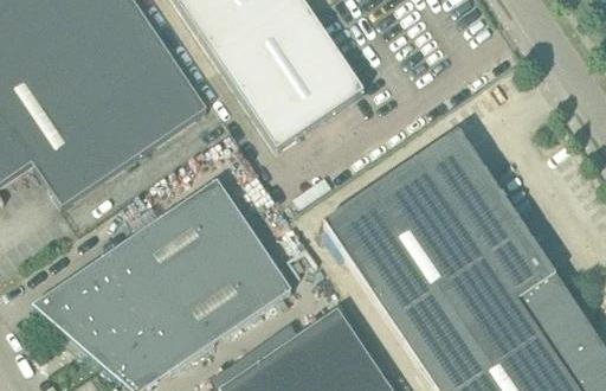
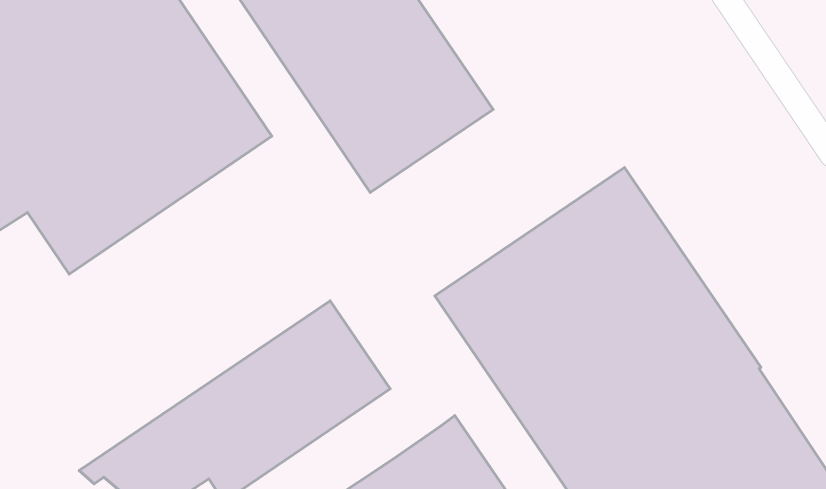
building: [31,178,247,346] -> none

